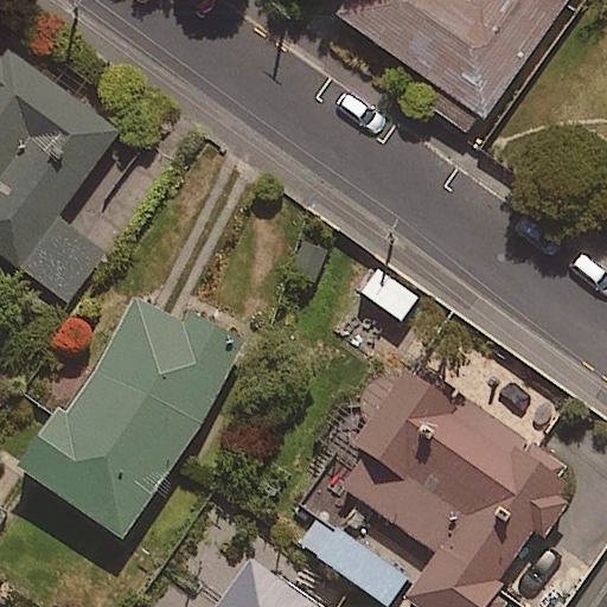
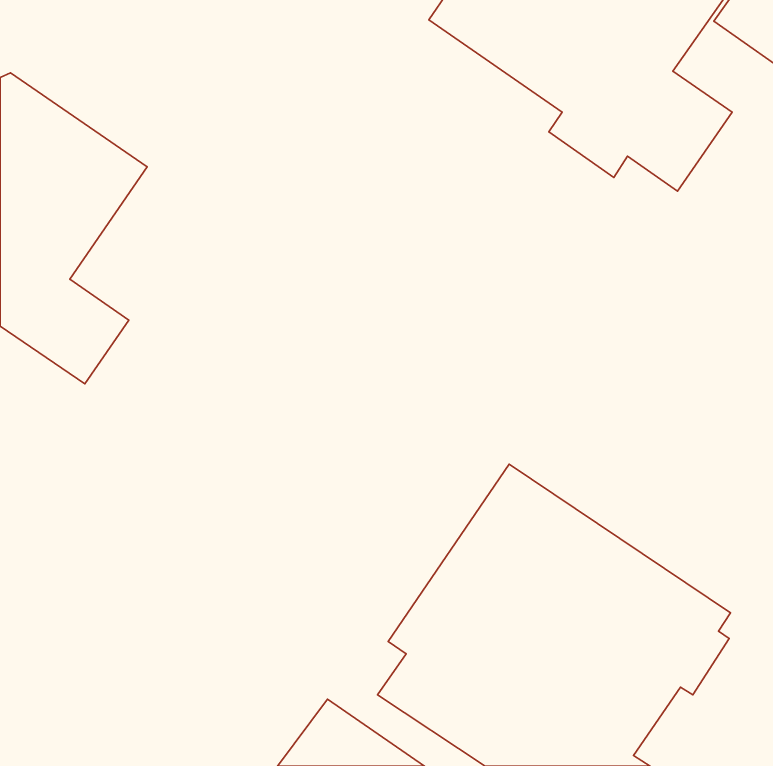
building: [14,287,245,541] -> none

